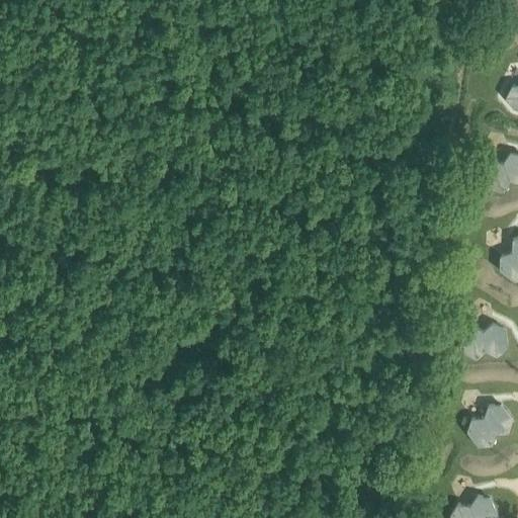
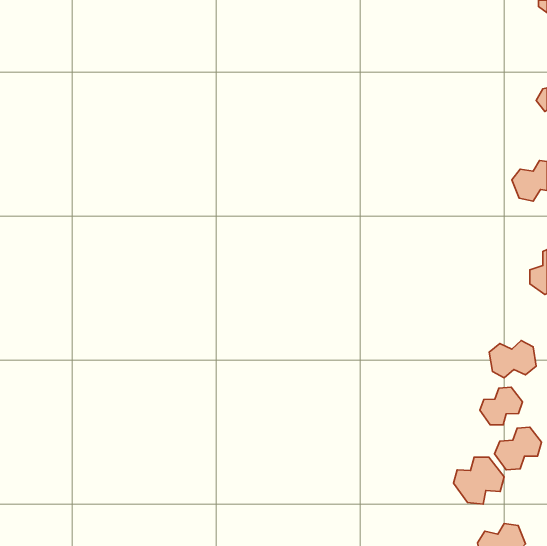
building: none -> [480,387,522,425]
building: none -> [454,457,504,504]

